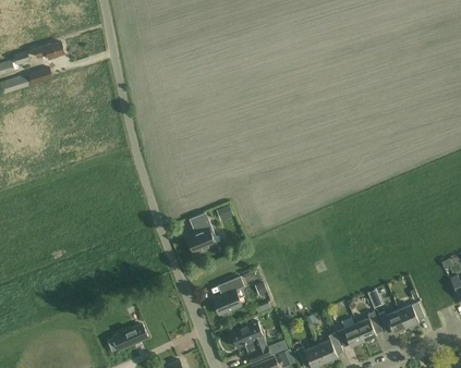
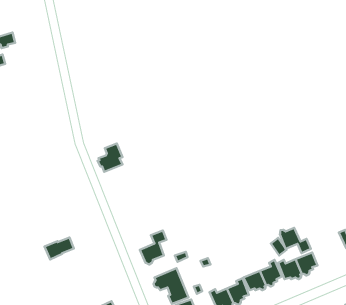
building: [185,219,215,253] -> [98,144,122,172]
building: none -> [280,228,311,253]
building: [112,324,147,351] -> [45,237,74,259]

